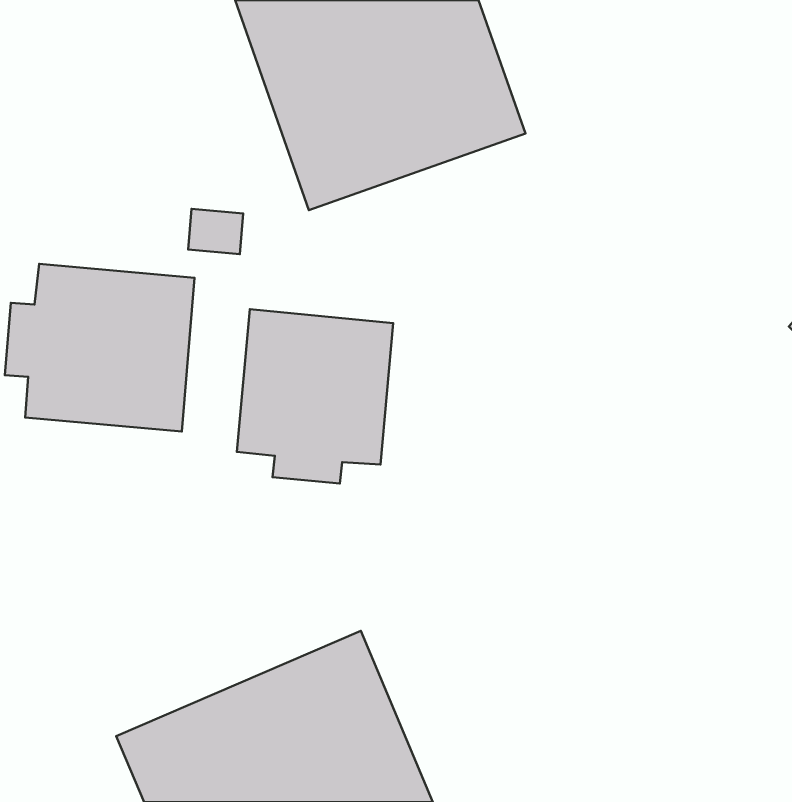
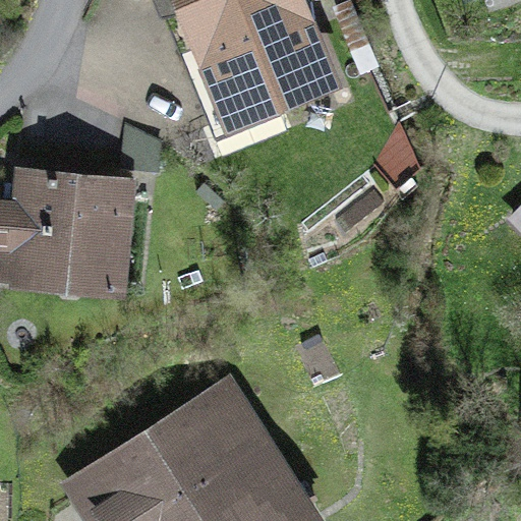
building: [237,309,393,483] -> none

